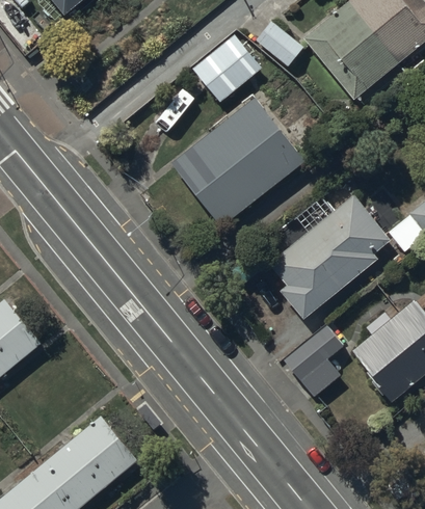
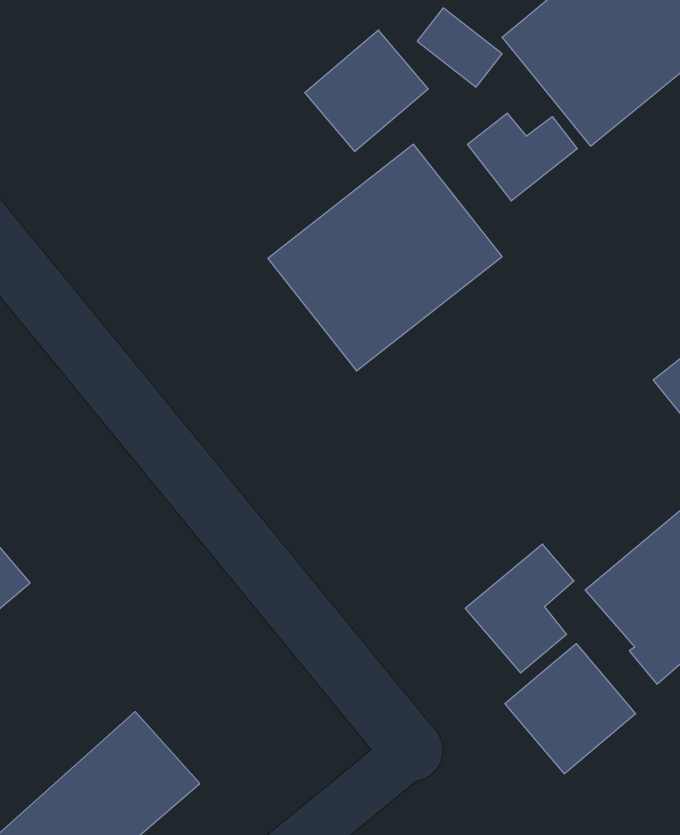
building: none -> [468,113,577,201]
building: [268,193,390,319] -> none
building: none -> [505,644,636,774]

